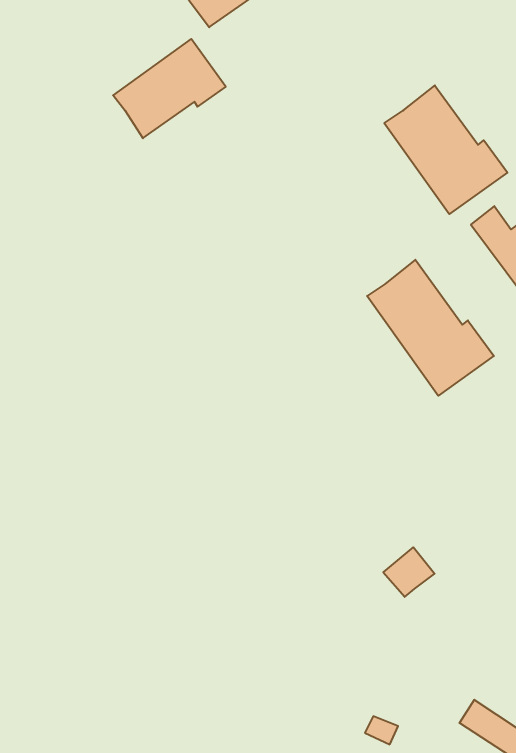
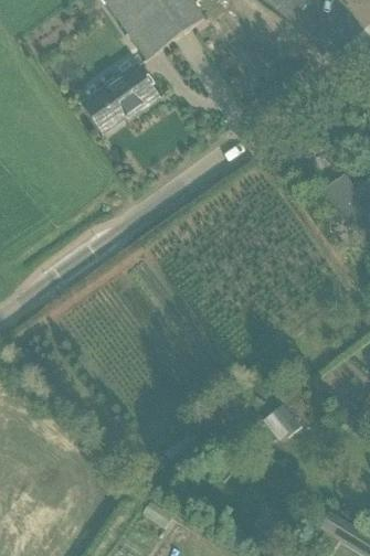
building: [384,85,507,214] -> none
building: [367,260,494,396] -> none

